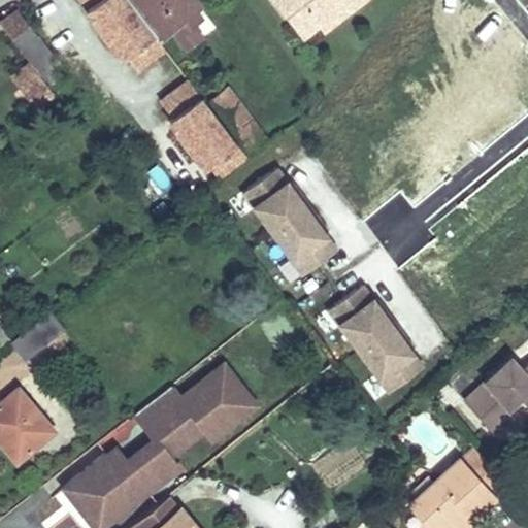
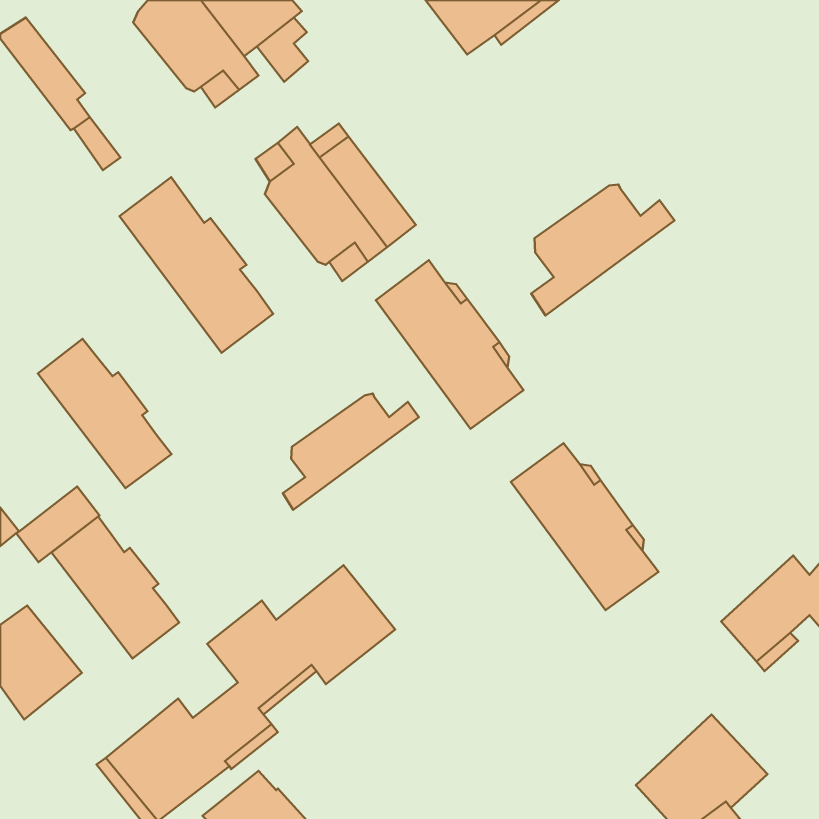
building: none -> [119,177,273,353]
building: none -> [531,185,674,316]
building: none -> [38,339,172,488]
building: none -> [283,394,419,510]
building: none -> [52,517,179,658]

